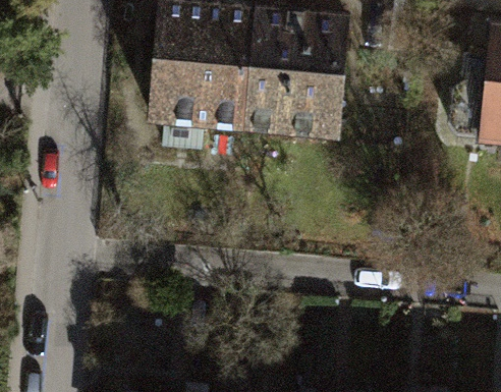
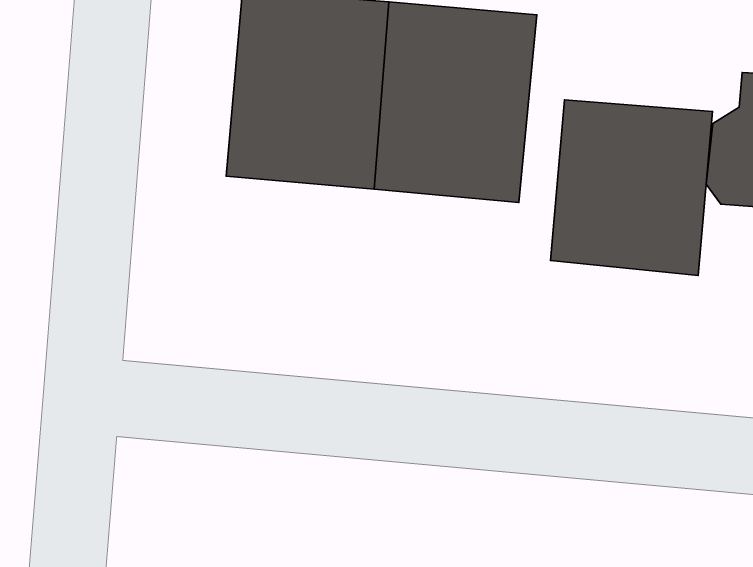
building: none -> [551,100,713,276]

